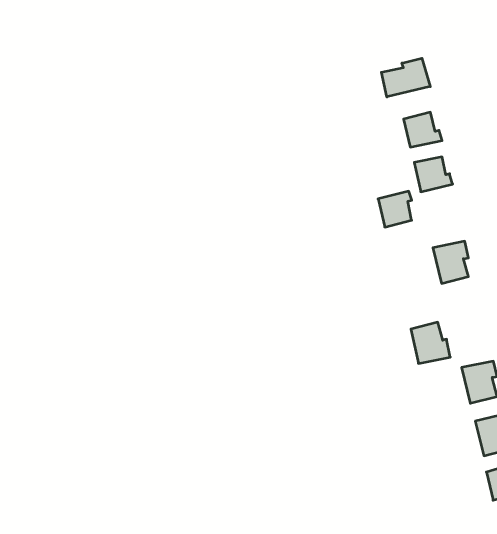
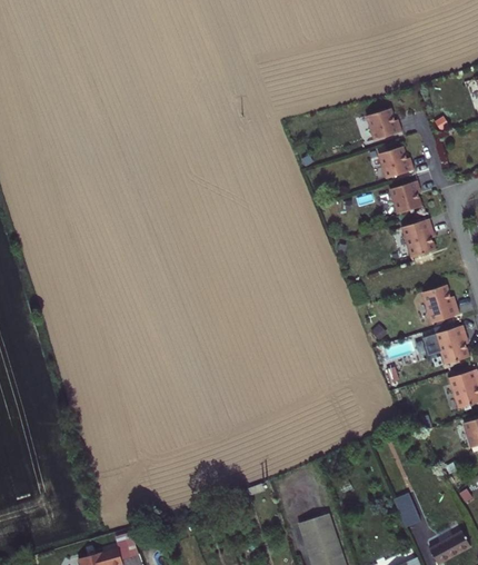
building: [381,58,430,97] -> none
building: [378,191,412,227] -> [388,181,419,215]
building: [411,322,450,363] -> [422,285,459,323]

